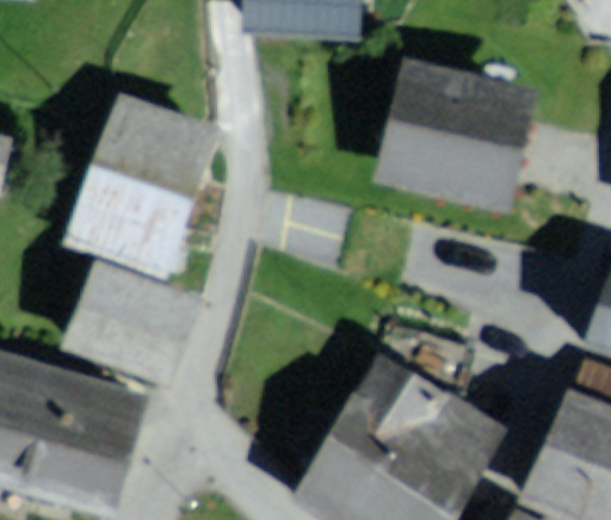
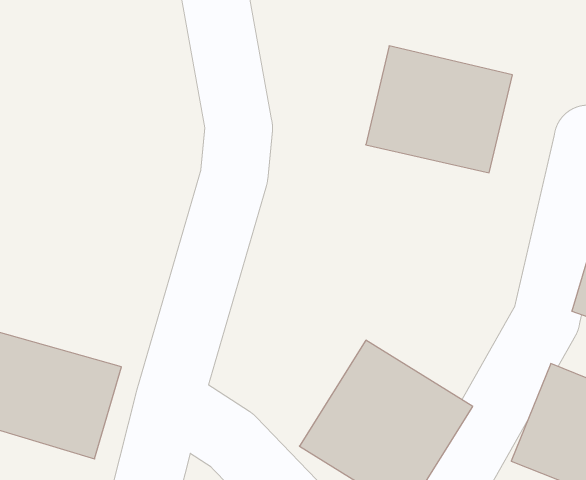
building: [74,101,210,260] -> none
building: [62,264,186,373] -> none

